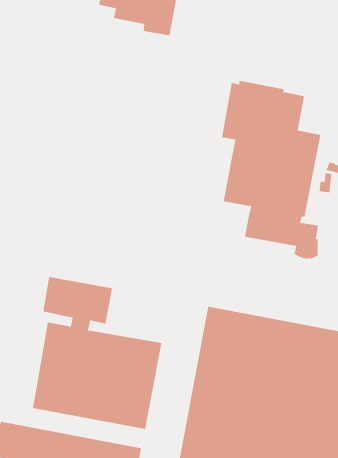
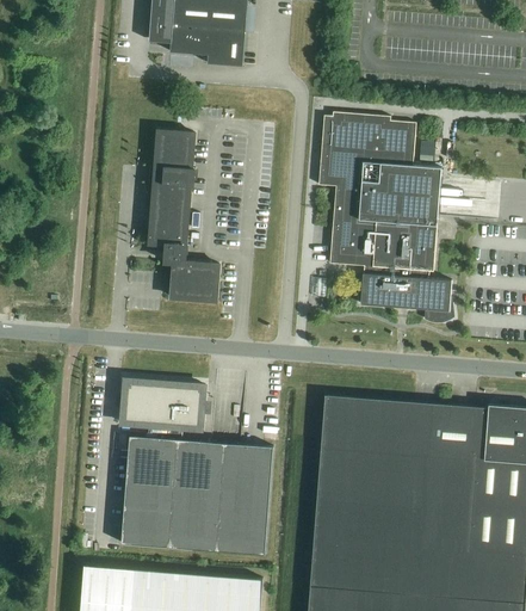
building: none -> [149,131,218,302]

